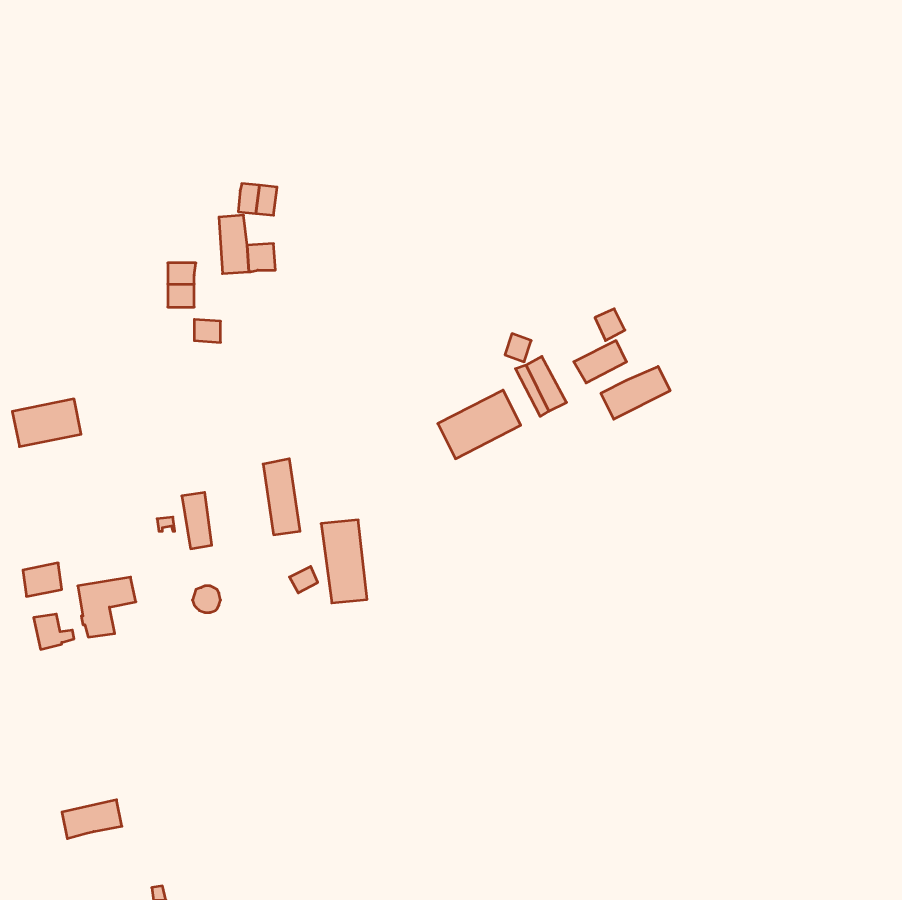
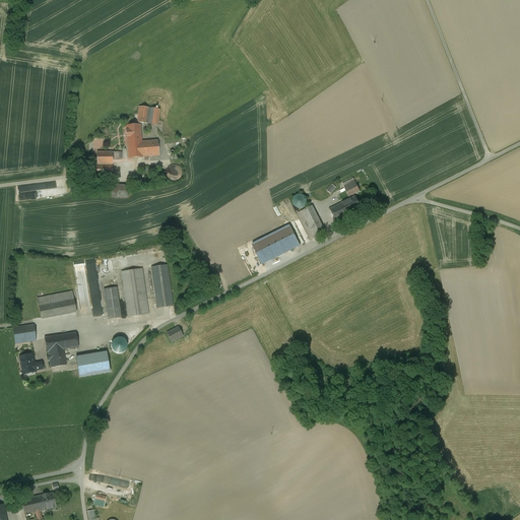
building: [601,366,670,419] -> none
building: [12,399,81,447] -> [37,290,76,318]
building: [321,520,367,603] -> [123,265,149,313]
building: none -> [75,351,110,377]
building: [62,800,122,839] -> [21,492,56,514]

